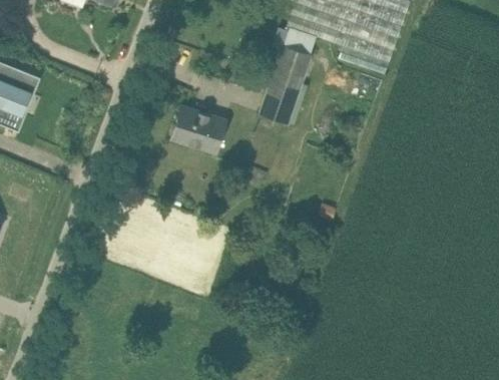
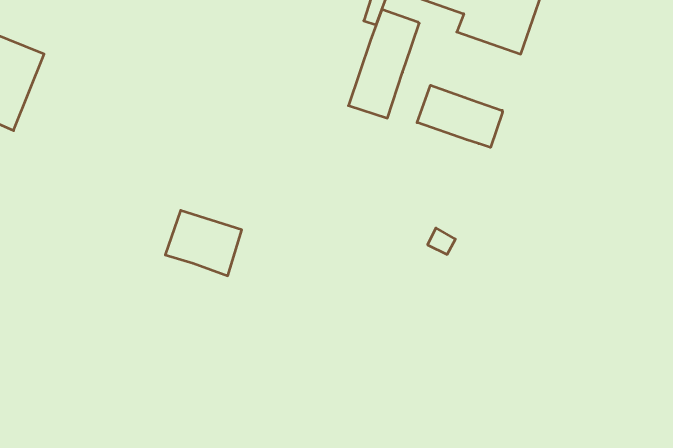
building: none -> [417,85,502,147]
building: [169,104,224,151] -> [165,210,242,276]

